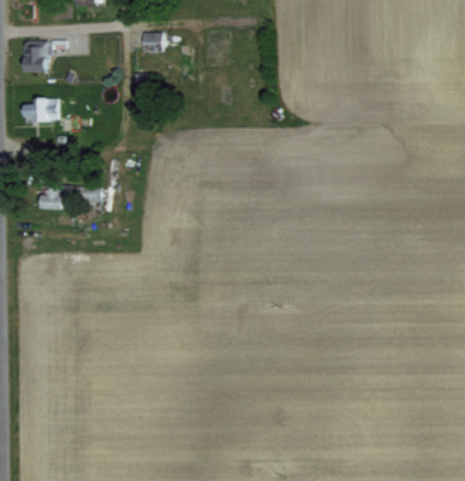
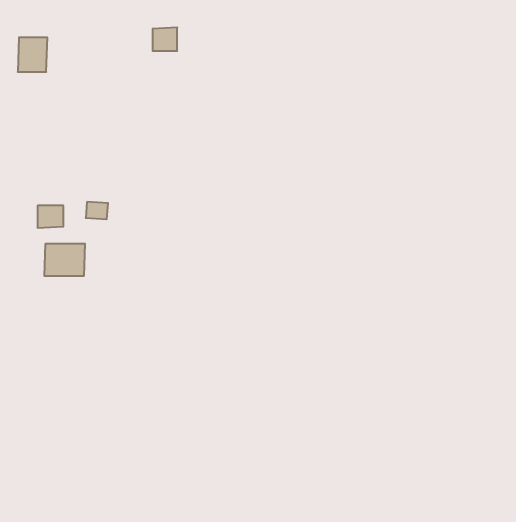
building: [21,99,60,121] -> none
building: none -> [44,244,85,276]

